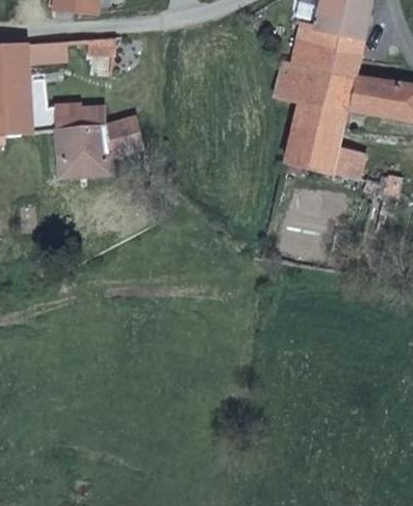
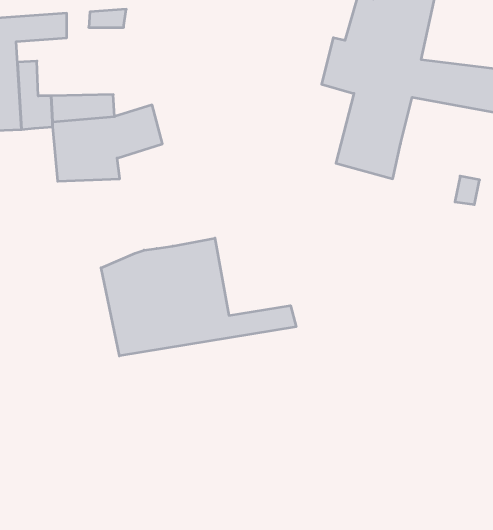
building: [330,145,366,181] -> none
building: none -> [101,238,296,356]

